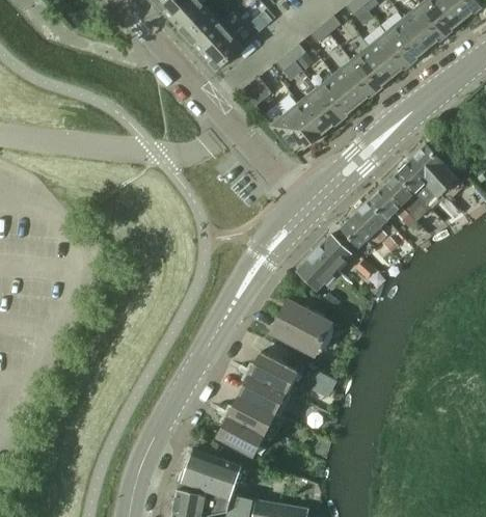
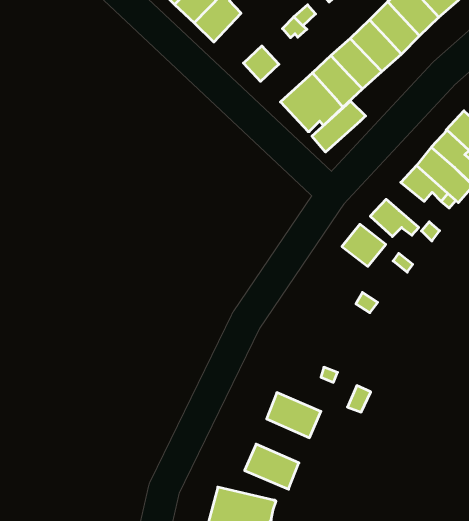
building: none -> [312,101,366,152]
building: [354,201,386,241] -> none
building: [297,252,334,290] -> none
building: [270,300,332,355] -> none
building: [249,352,297,391] -> none
building: [228,394,274,434] -> none

